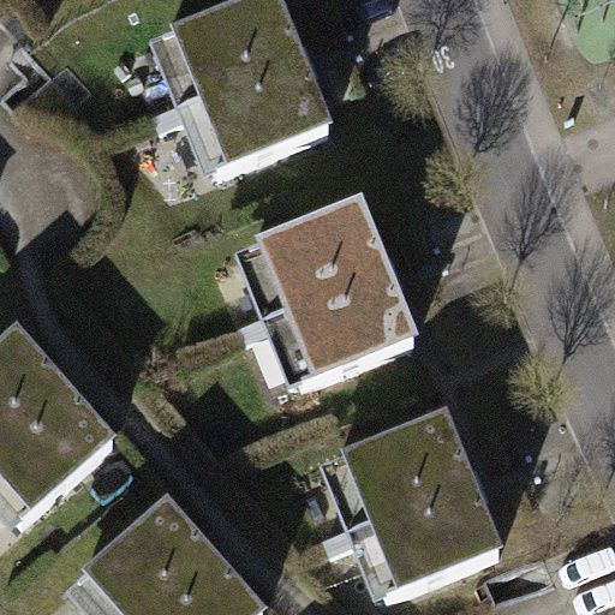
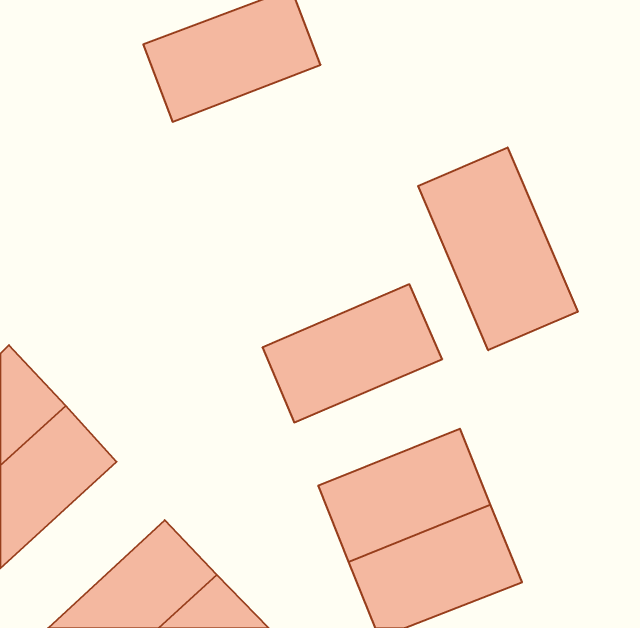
building: [171,61,340,187] -> none
building: none -> [418,147,578,350]
building: [225,198,395,329] -> none

